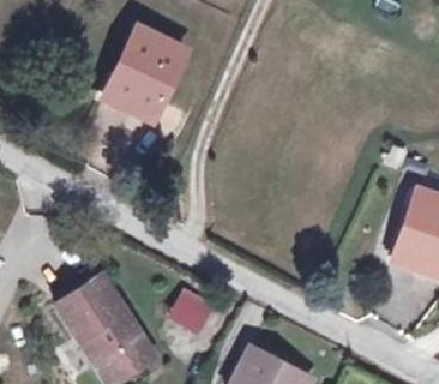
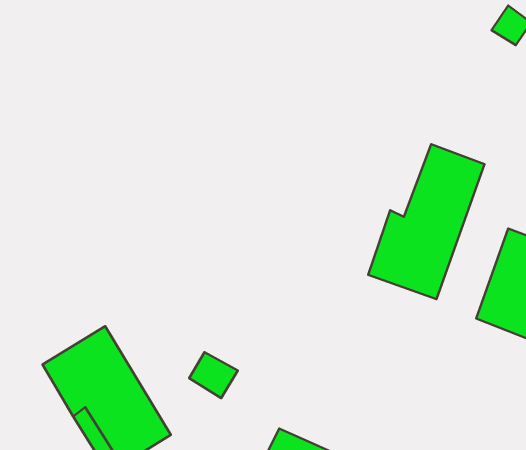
building: [100,19,182,114] -> none
building: none -> [368,144,484,299]

